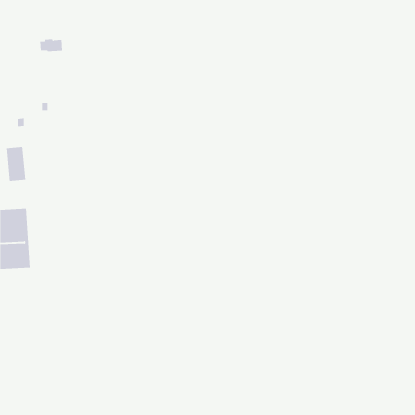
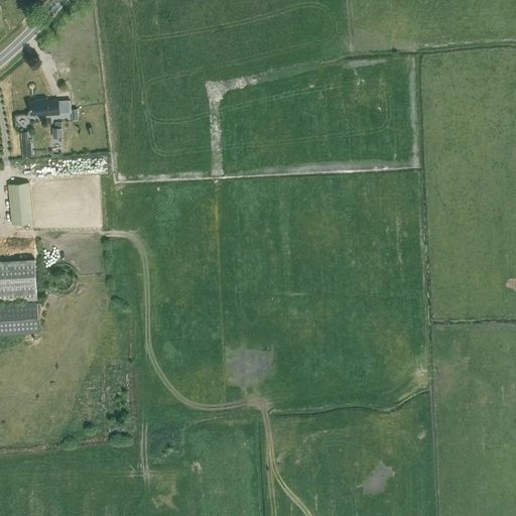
building: [39,39,63,52] -> [29,99,58,115]

